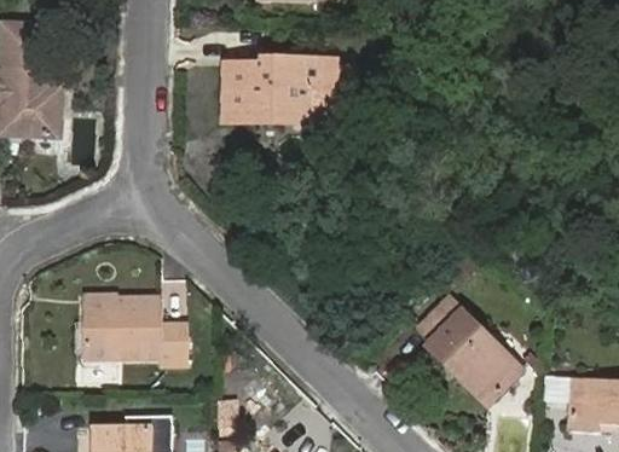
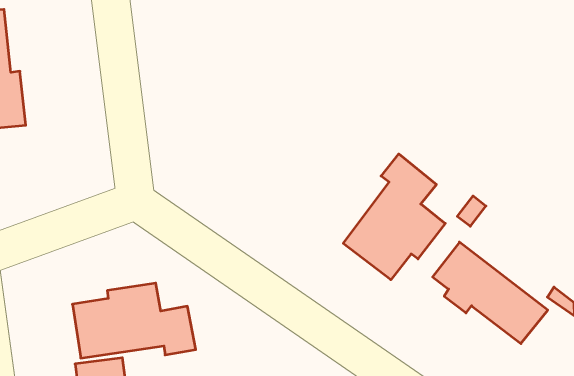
building: [224,60,335,116] -> none
building: none -> [343,154,445,280]

